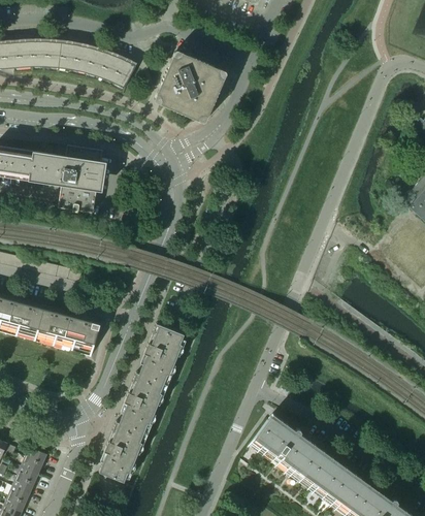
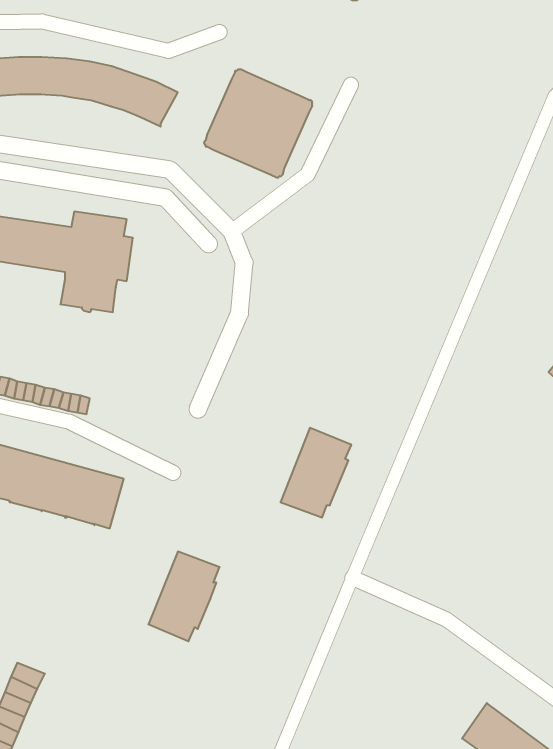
building: [138,322,186,382] -> [280,428,351,518]
building: [249,418,345,496] -> none
building: [101,420,145,481] -> none

